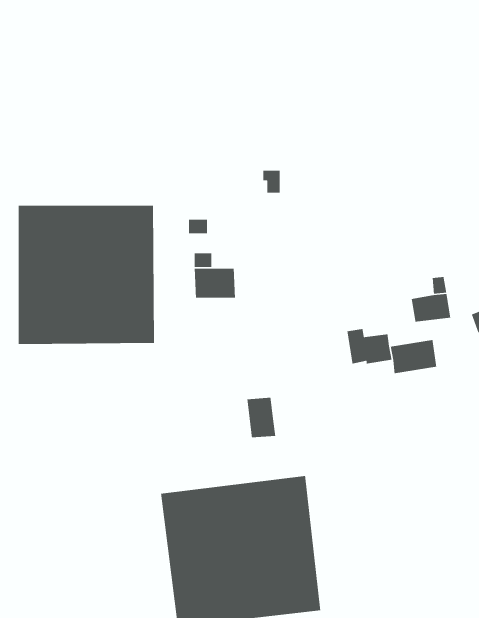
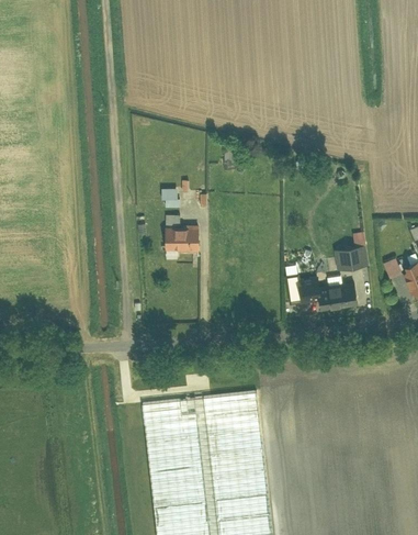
building: [18,205,155,345] -> none
building: [246,397,276,438] -> none

